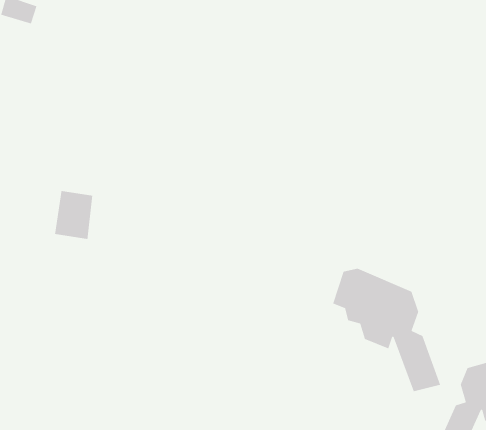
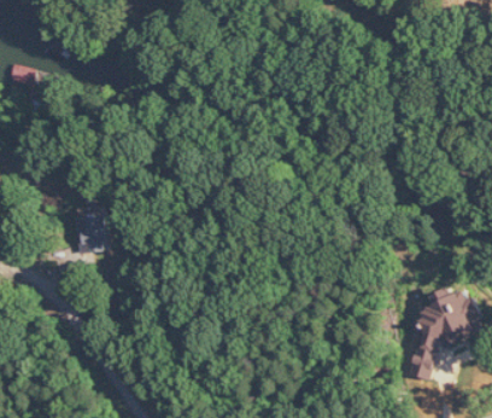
building: [332,268,441,392] -> none

